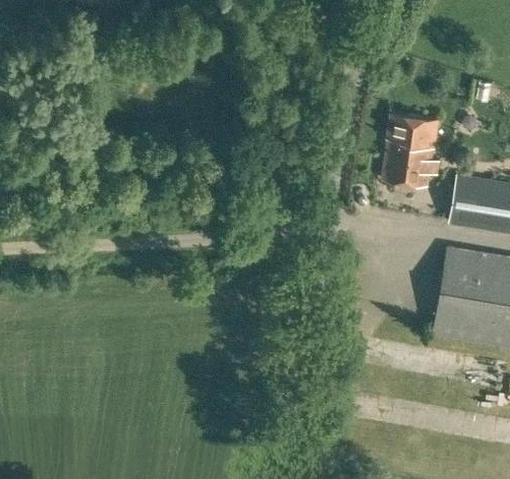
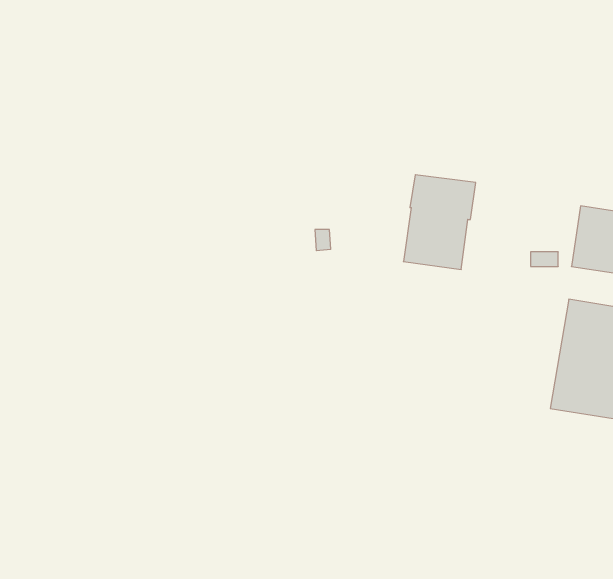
building: [383,113,439,186] -> [403,175,476,269]

